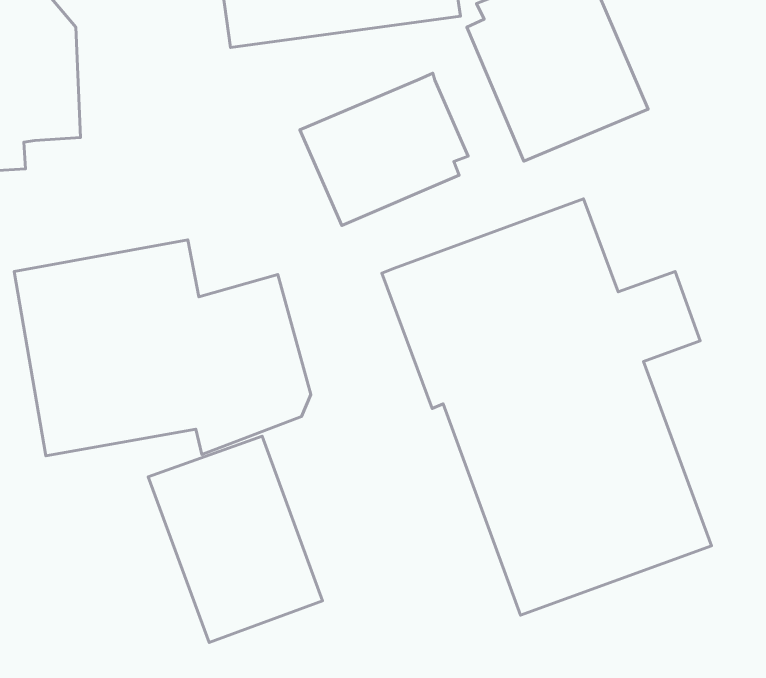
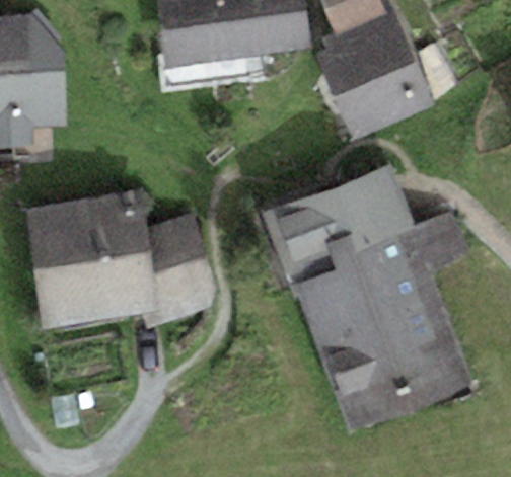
building: [300,73,468,226] -> none
building: [148,436,322,643] -> none

